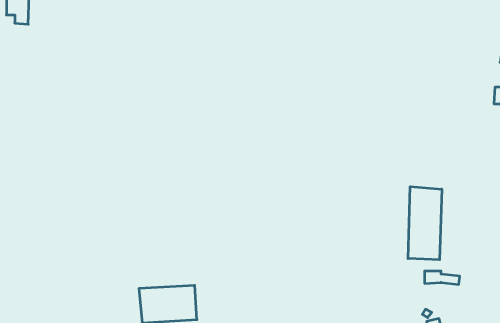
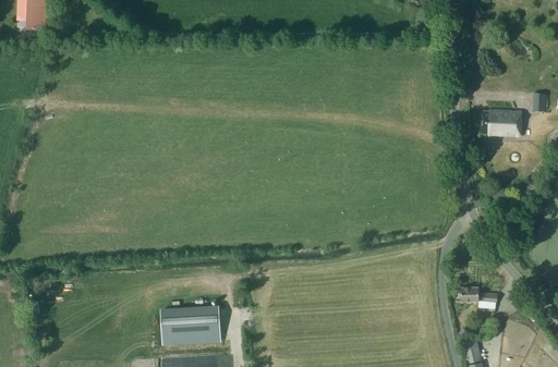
building: none -> [480,111,522,137]
building: [408,187,442,260] -> none

